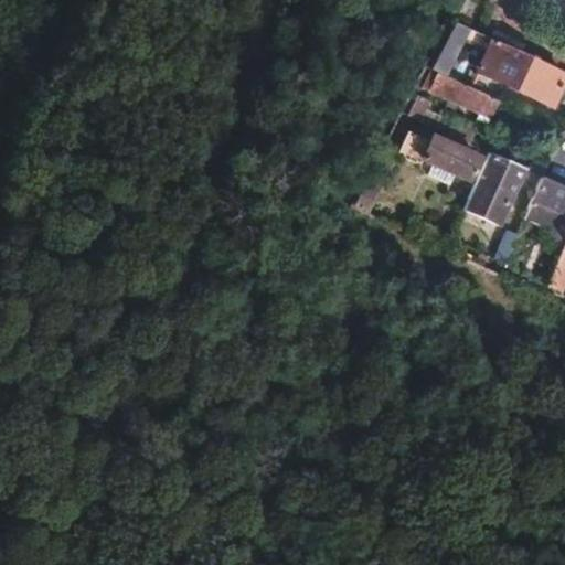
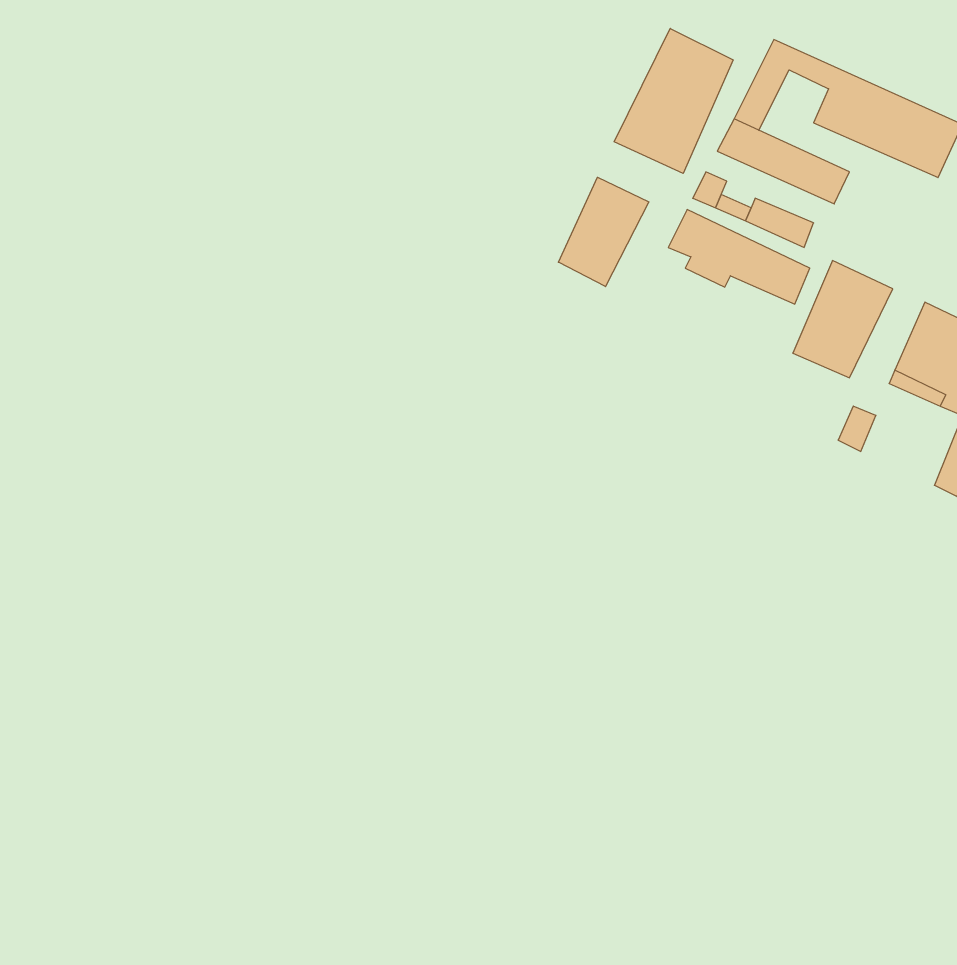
building: none -> [614,28,733,173]
building: none -> [558,177,649,287]

